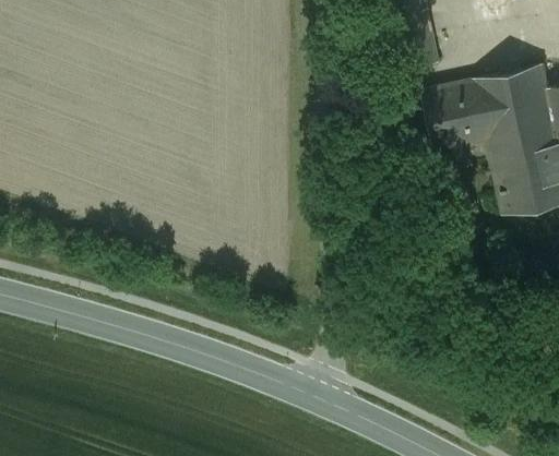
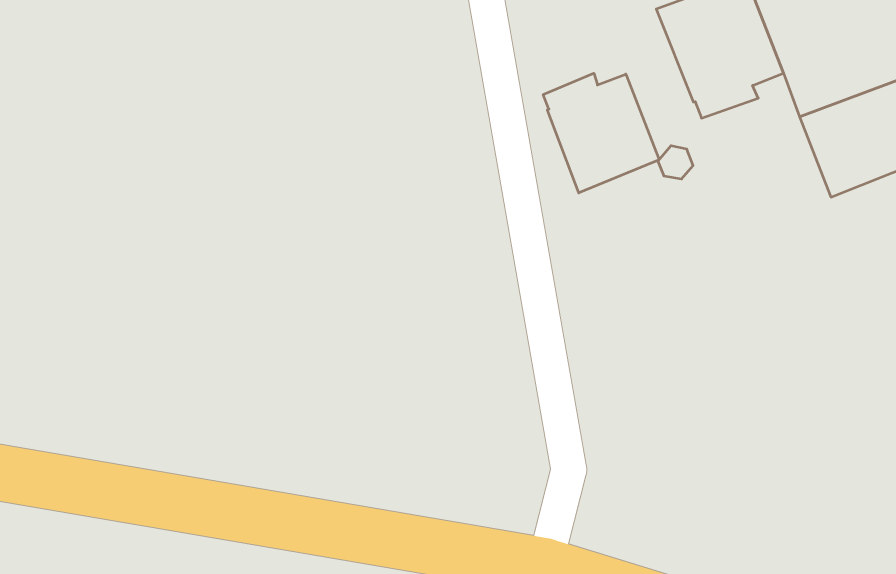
building: none -> [543,73,659,193]

